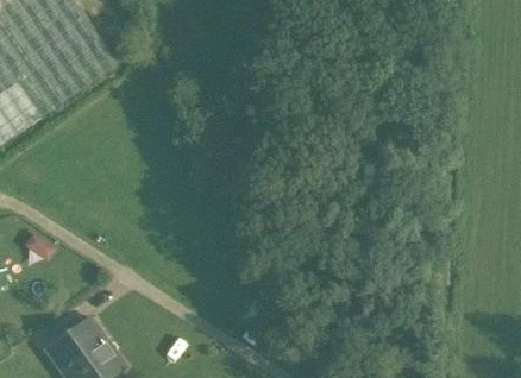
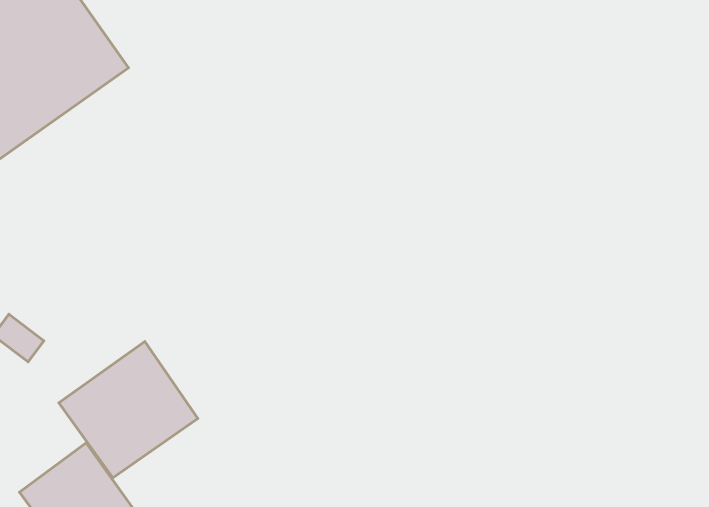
building: none -> [59,341,198,478]

